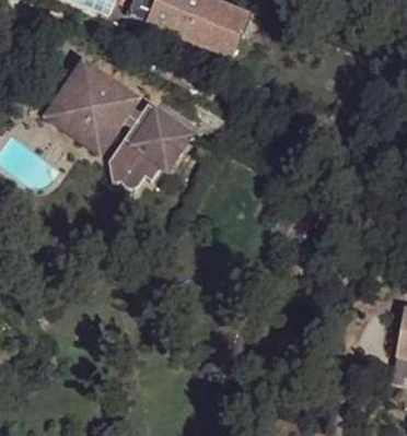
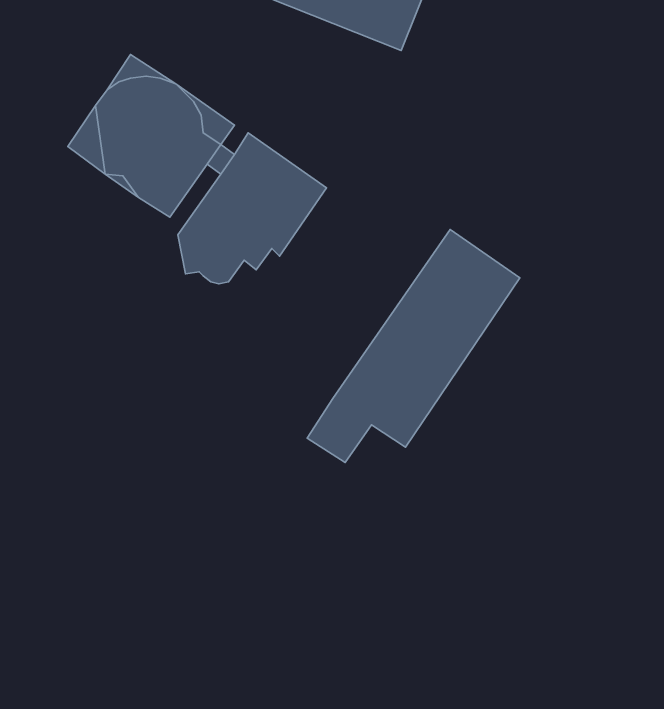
building: none -> [307,229,520,463]

